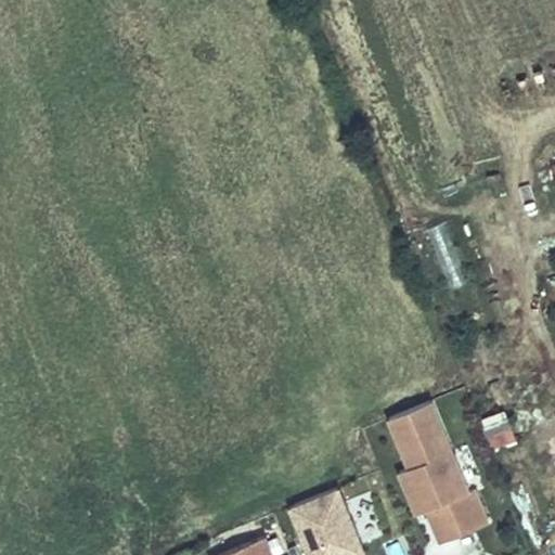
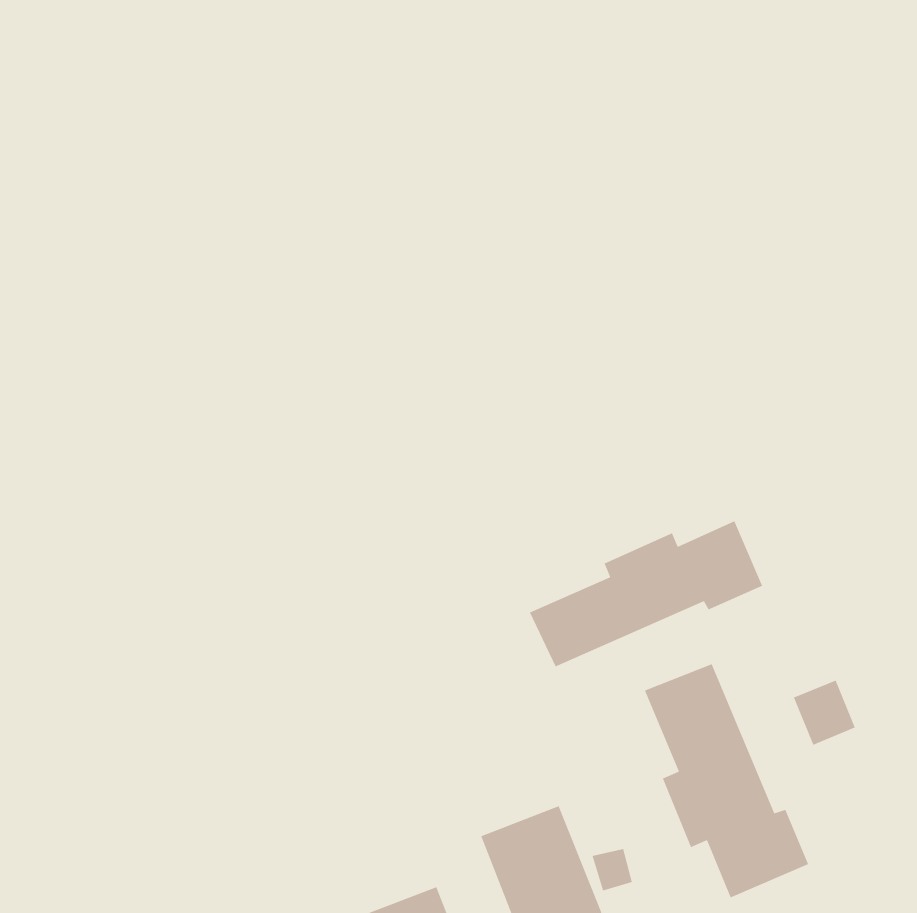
building: none -> [529,520,763,668]

